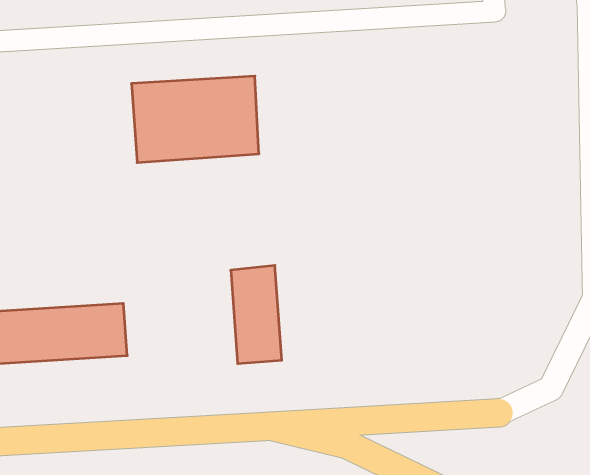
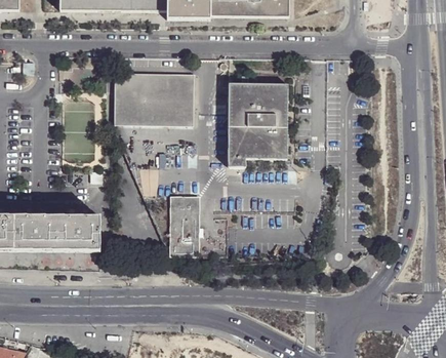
building: none -> [230,83,288,167]

